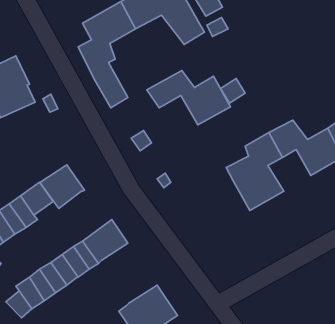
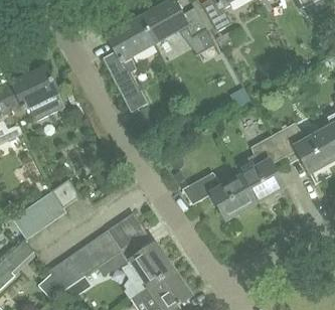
building: [147,71,231,125] -> [181,171,256,219]
building: [40,165,85,209] -> none
building: none -> [121,244,173,298]

